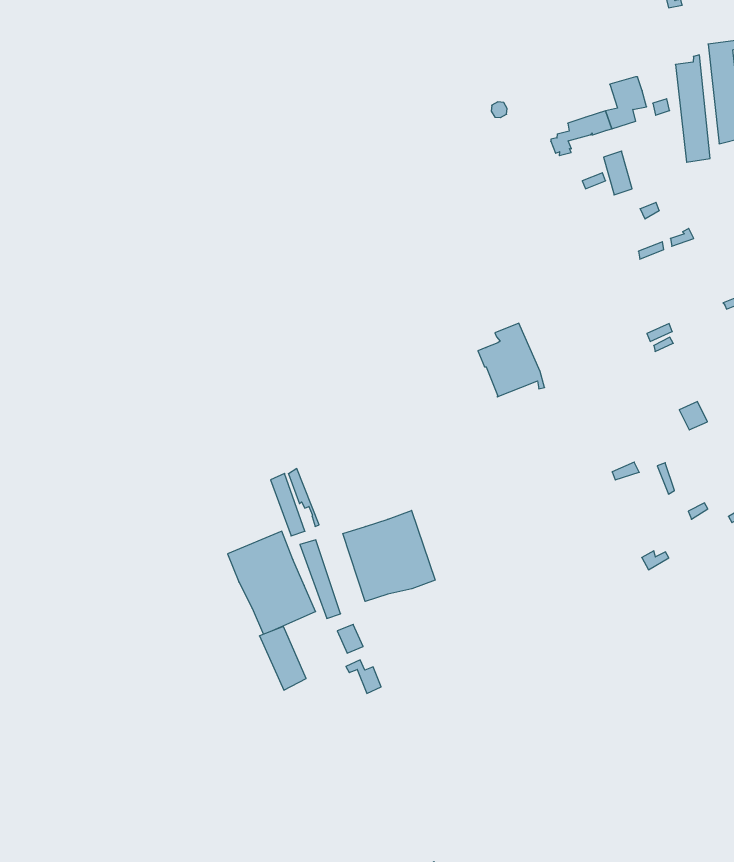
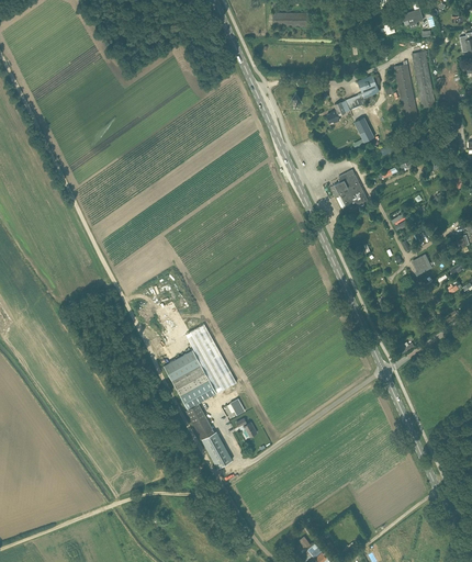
building: [478,323,545,397] -> [329,169,369,212]
building: [343,510,435,601] -> none
building: none -> [201,430,231,468]

